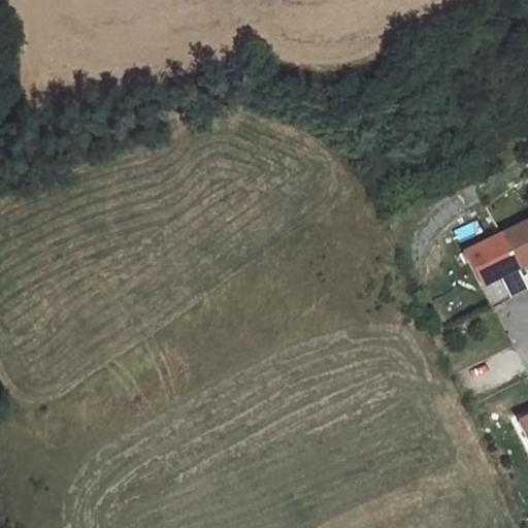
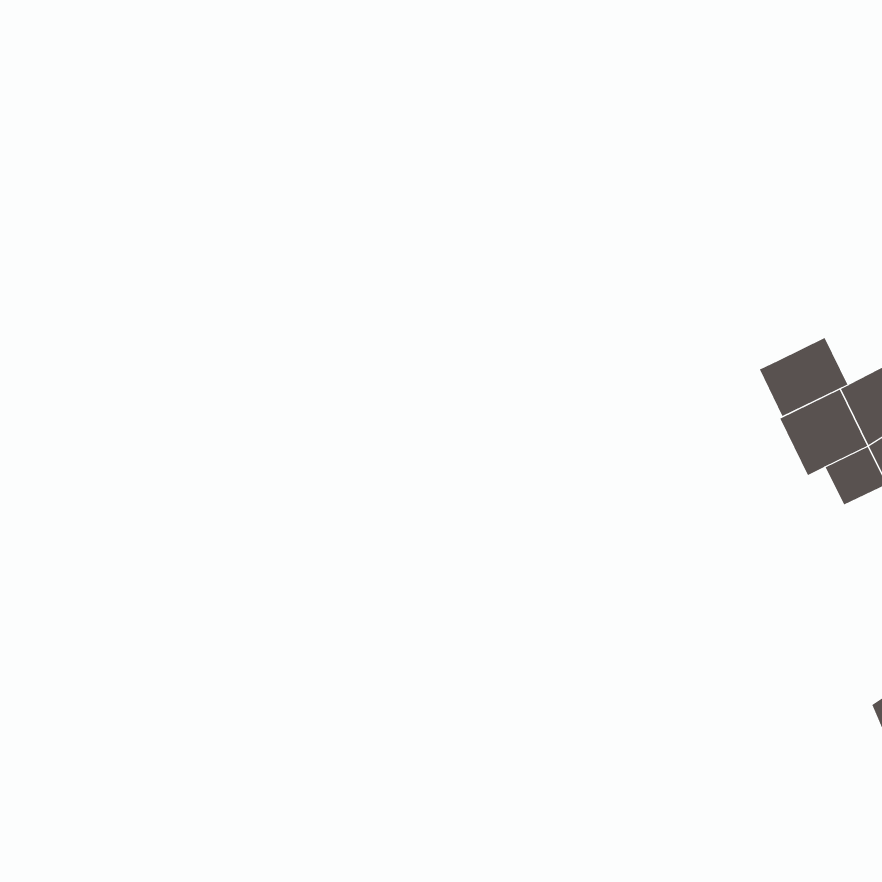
building: none -> [759,337,848,417]

